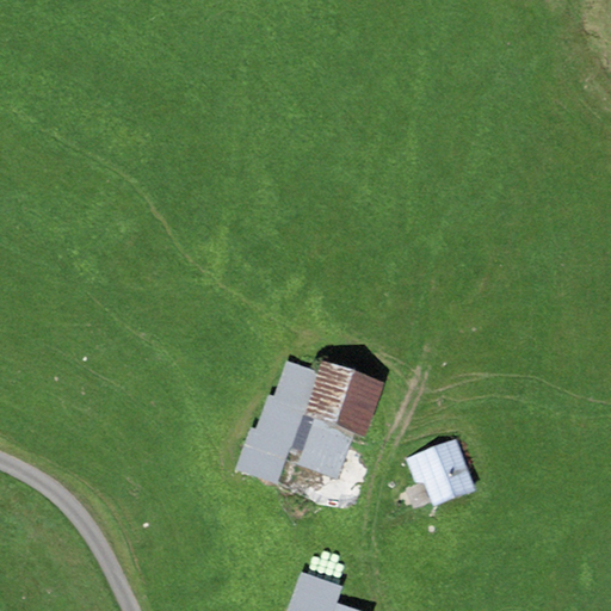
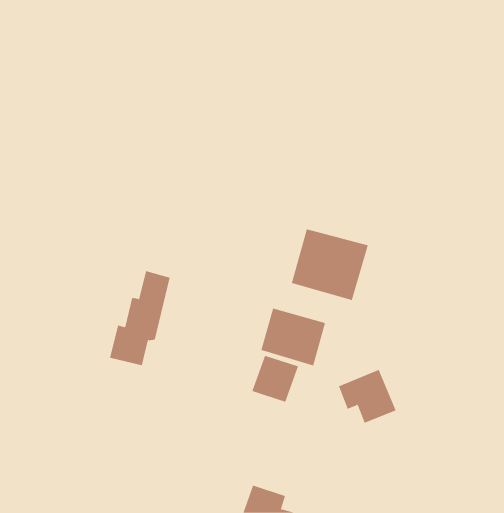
building: none -> [291,229,368,301]
building: [239,366,311,480] -> [109,270,171,366]

